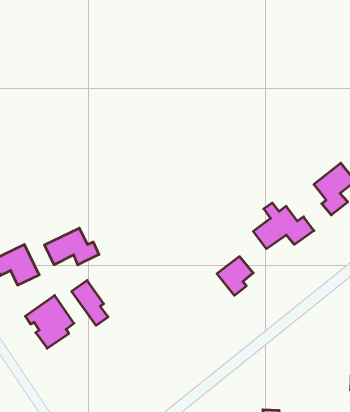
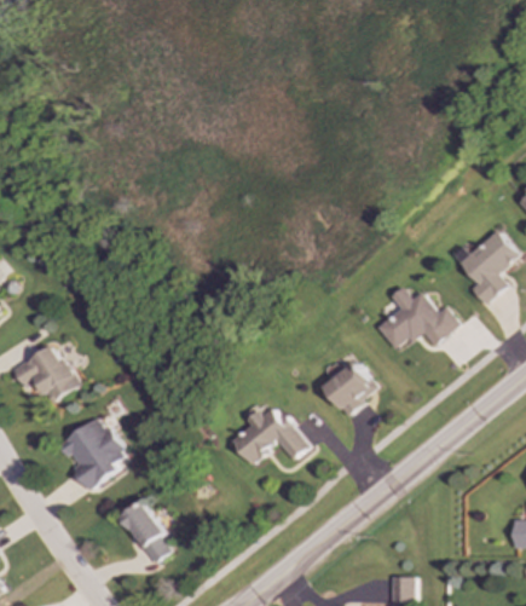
building: [44,228,99,265] -> none
building: [72,280,108,325] -> [121,500,172,562]
building: none -> [232,405,311,463]

